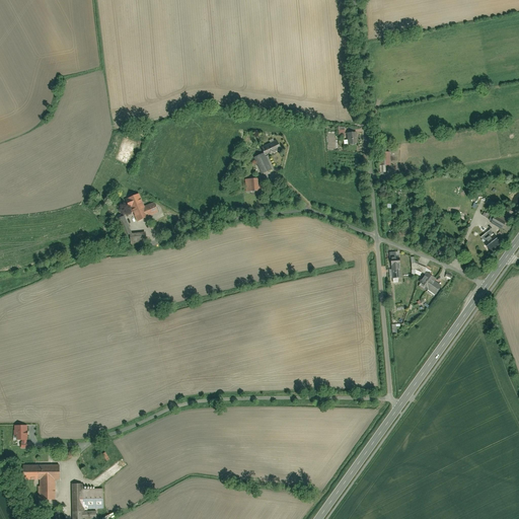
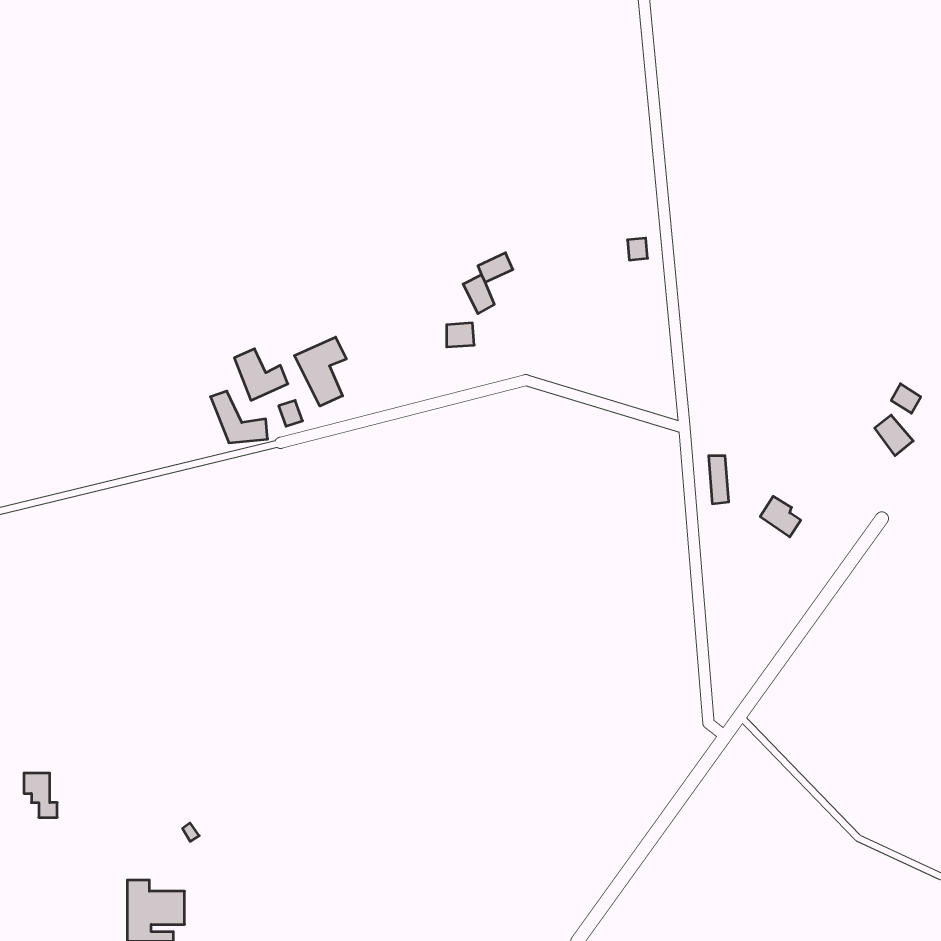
building: none -> [294,337,346,406]
building: [23,465,59,501] -> none

